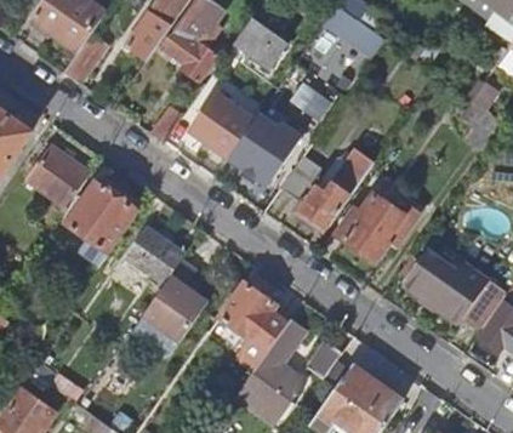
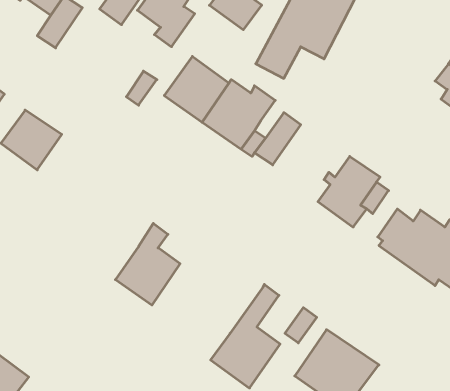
building: [300,138,381,228] -> none
building: [65,181,136,251] -> none
building: [127,227,184,283] -> none
building: [220,281,287,369] -> none

